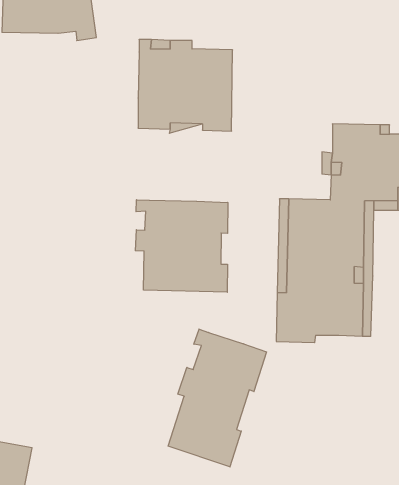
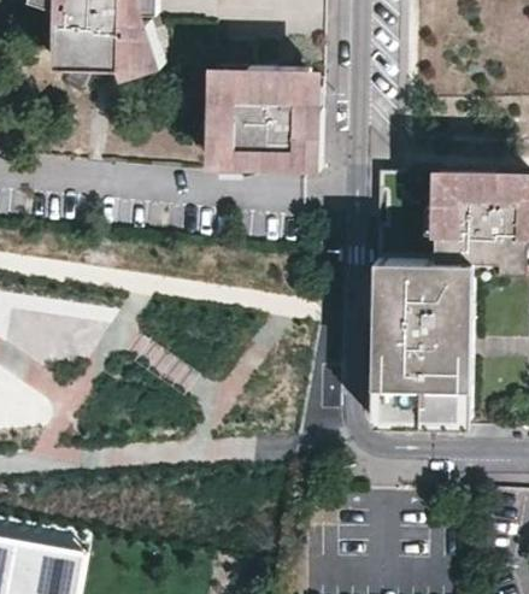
building: [135,200,228,292] -> none
building: [168,329,266,467] -> none

